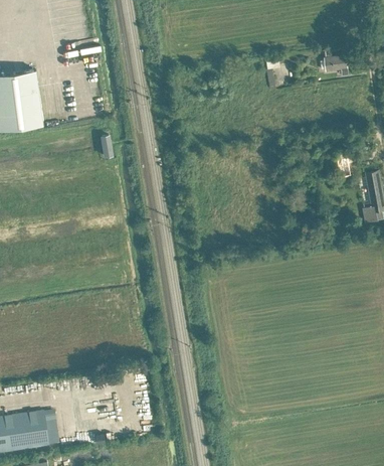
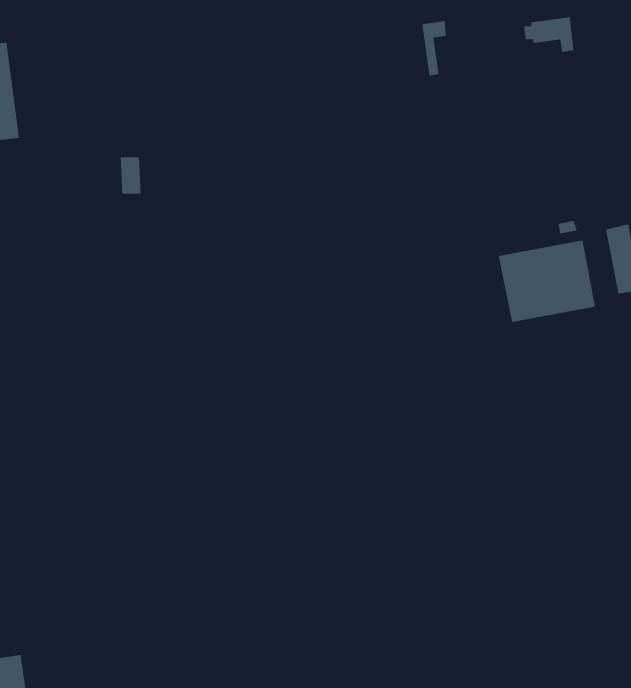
building: none -> [498,239,596,323]

